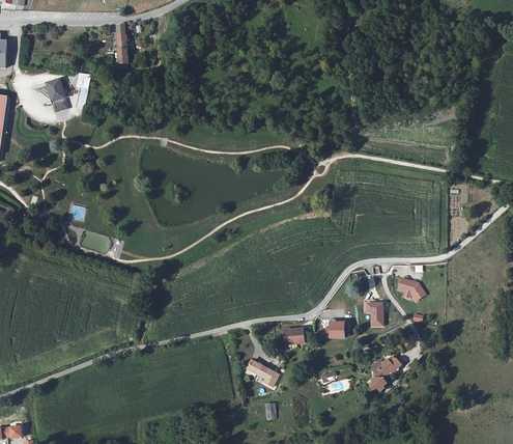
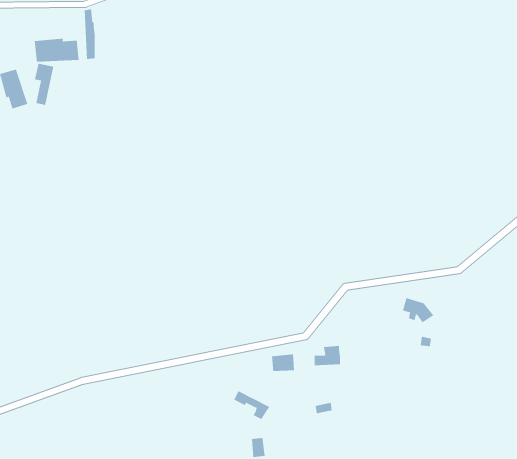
building: none -> [34,38,79,63]
building: [364,301,382,327] -> none
building: [368,358,400,392] -> none

